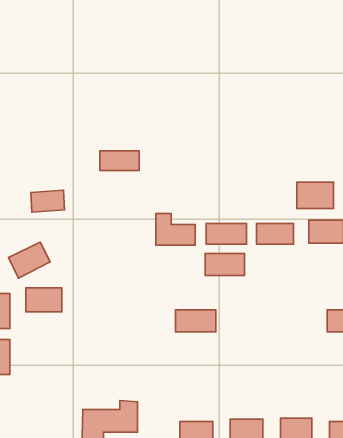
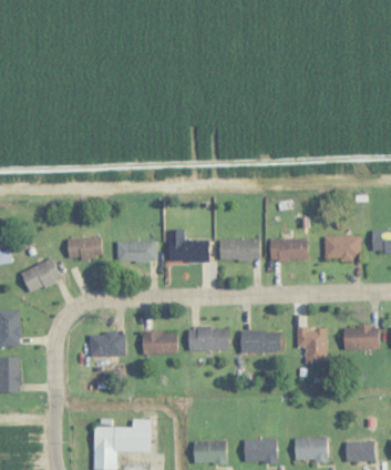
building: [100,151,139,171] -> [116,242,156,262]
building: [297,182,334,209] -> none
building: [31,190,65,212] -> [66,237,101,259]
building: [205,254,245,275] -> [240,330,280,352]
building: [26,288,62,312] -> [89,333,125,357]
building: none -> [297,328,326,362]
building: none -> [142,331,177,354]

